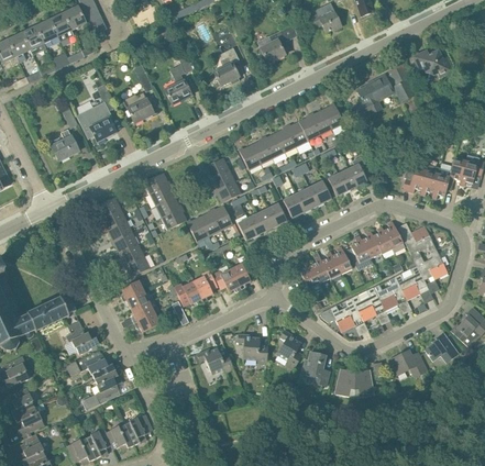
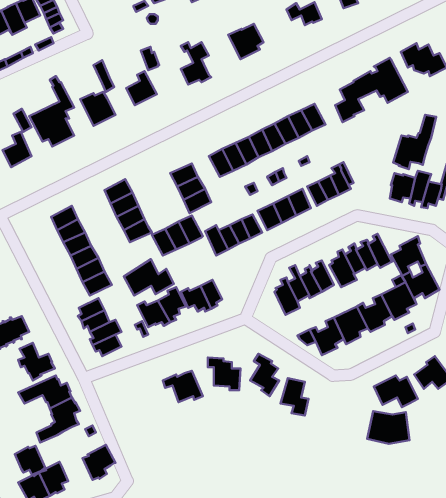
building: none -> [393,115,436,169]
building: none -> [124,259,174,296]
building: [334,368,373,398] -> [367,411,410,444]
building: [106,424,133,451] -> [15,446,45,475]

